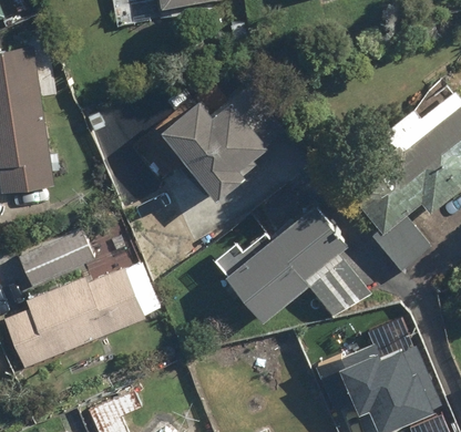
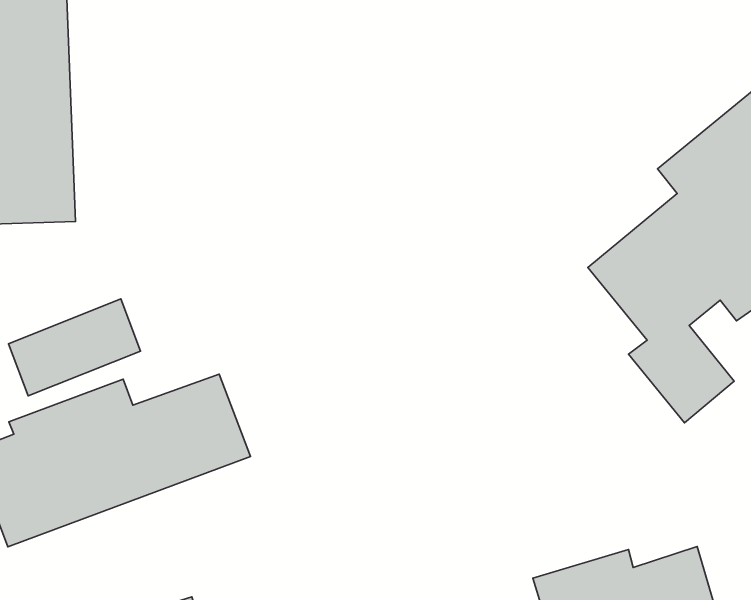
building: [156,82,291,203] -> none
building: [215,204,370,325] -> none

